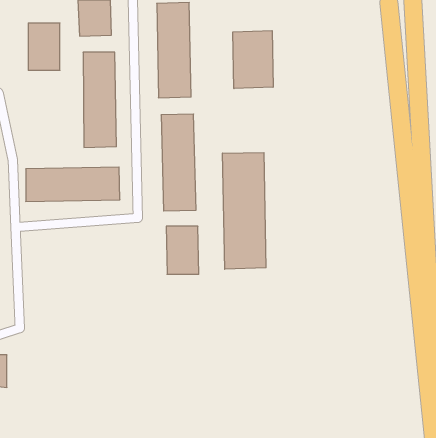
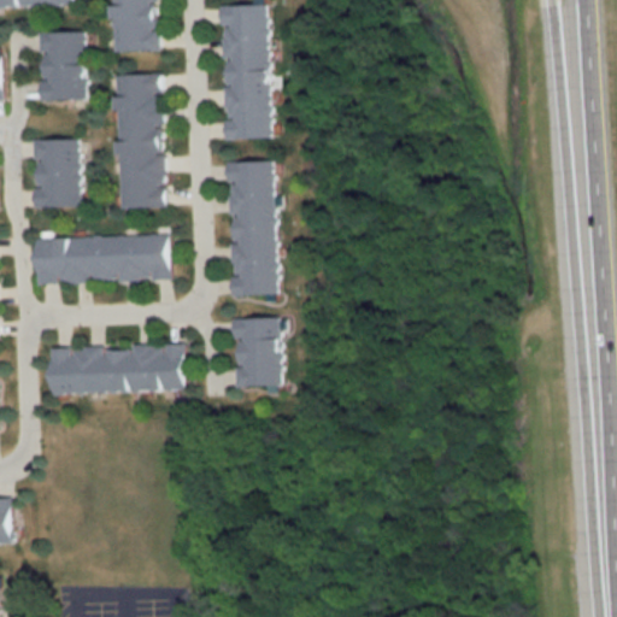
building: [233,31,273,89] -> none
building: none -> [33,139,78,206]
building: [223,153,266,269] -> none
building: none -> [51,345,184,393]

